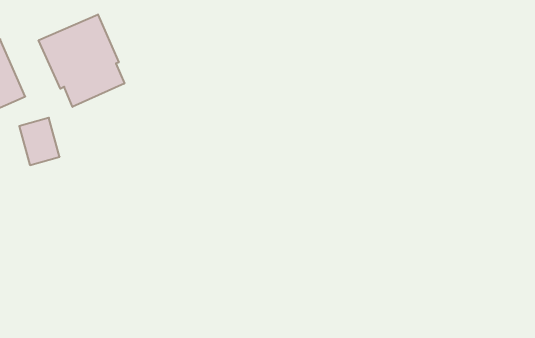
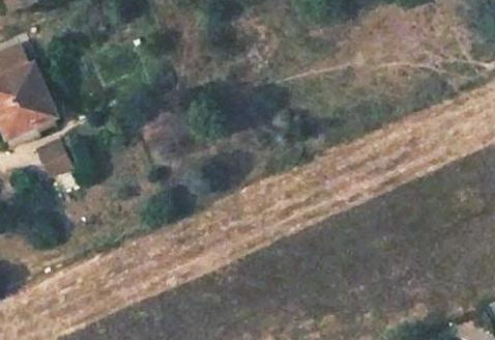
building: [39,14,124,107] -> none

